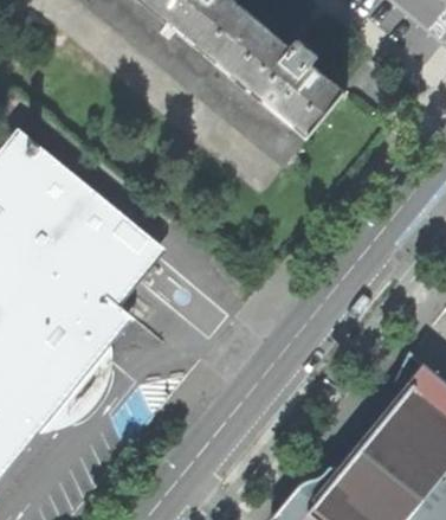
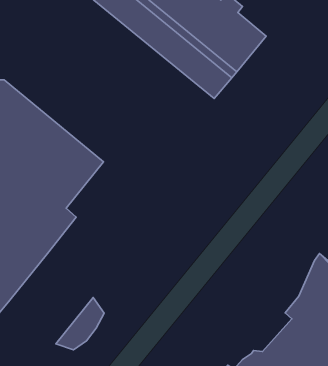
building: [40,352,98,415] -> [56,297,104,350]

